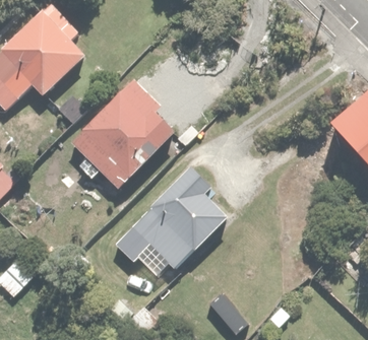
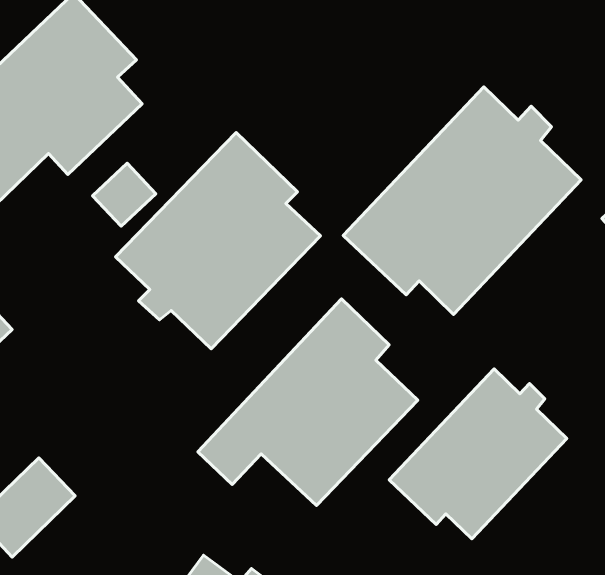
building: none -> [343,87,581,314]
building: none -> [389,369,567,539]

